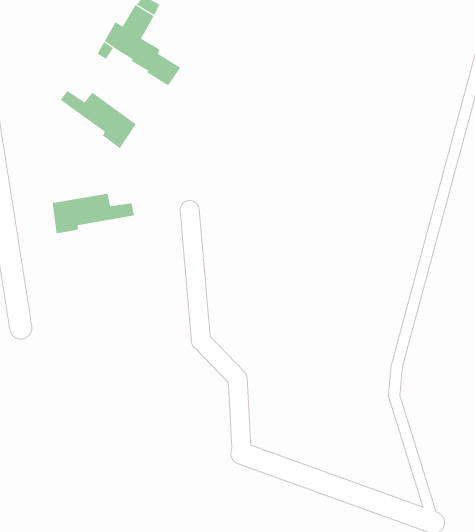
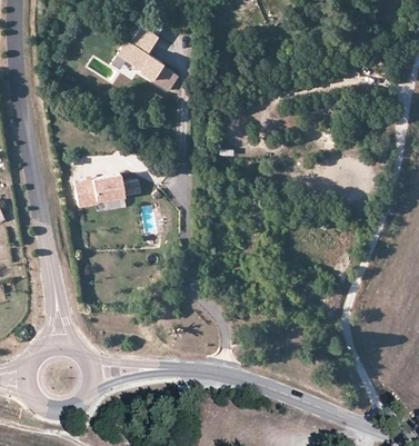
building: [60,90,137,149] -> none

